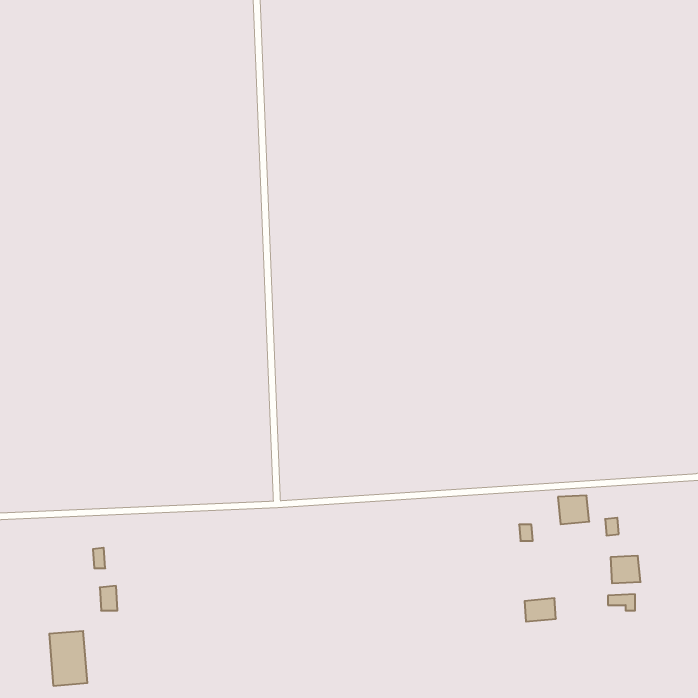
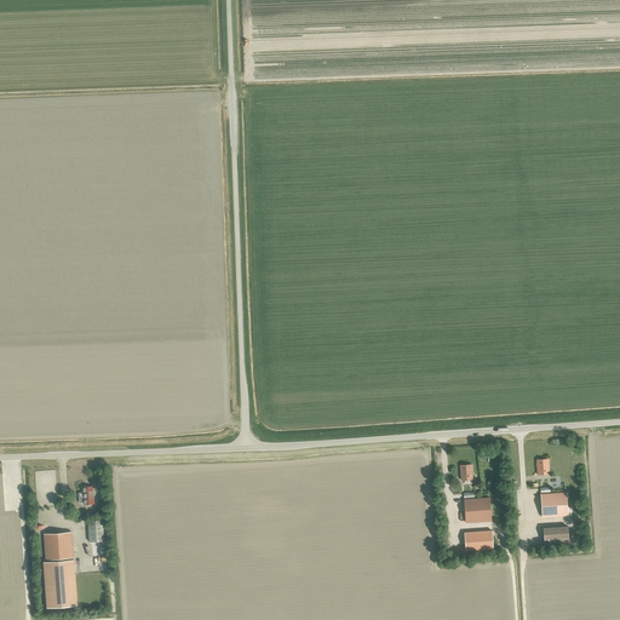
building: [558,496,589,524] -> [464,498,492,523]
building: none -> [44,532,74,559]

